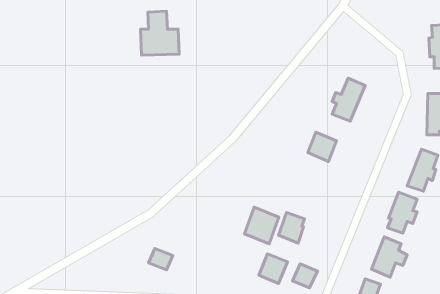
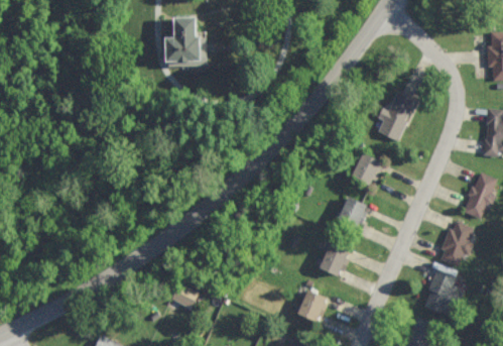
building: none -> [338,197,368,225]
building: [245,207,279,244] -> none
building: [292,264,317,288] -> none

